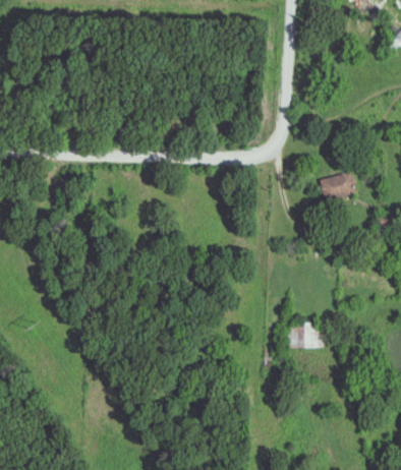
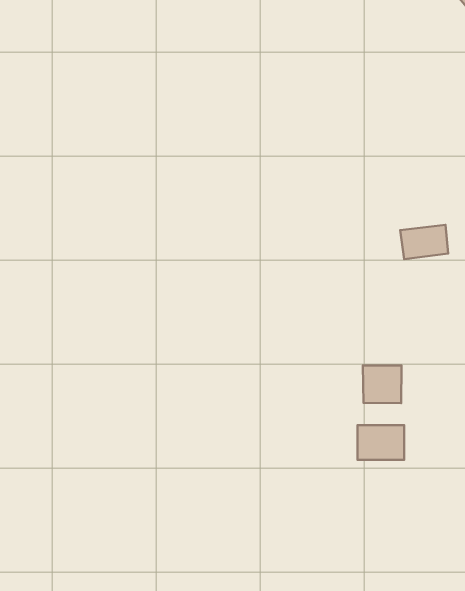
building: none -> [363,366,402,403]

